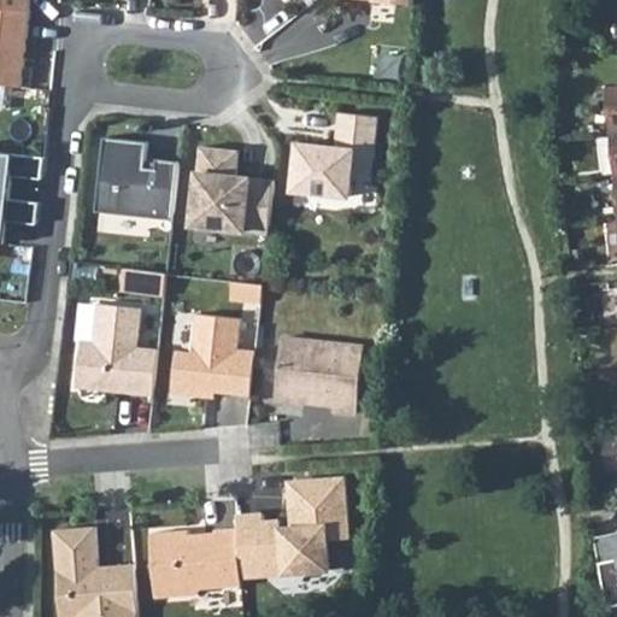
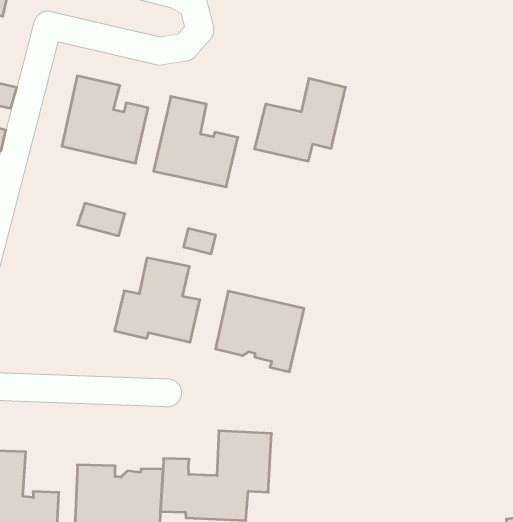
building: [74,302,157,396] -> none

